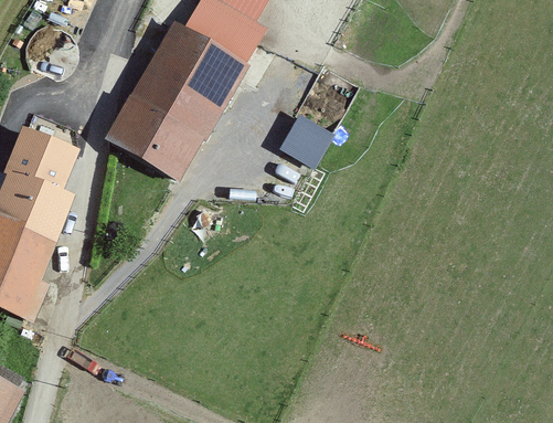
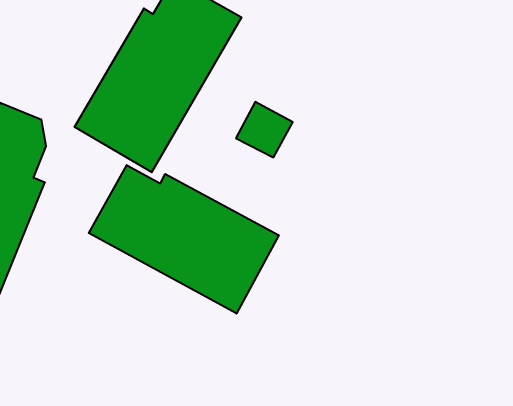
building: none -> [89,165,279,314]

